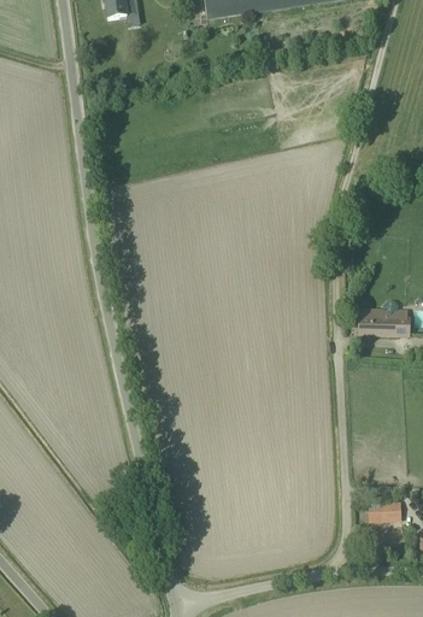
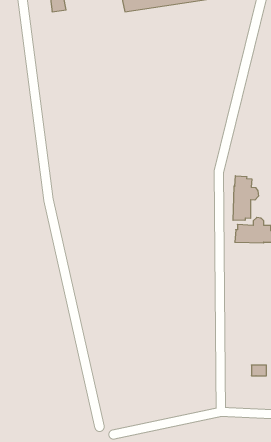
building: none -> [233,176,259,220]

